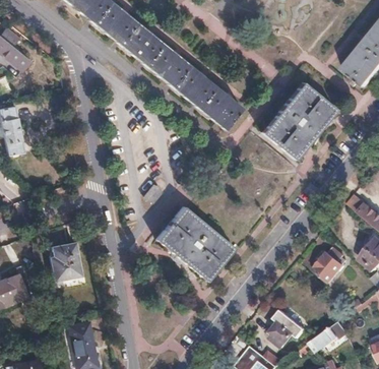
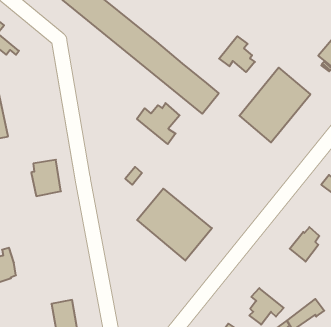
building: none -> [219,36,255,72]
building: none -> [137,103,180,144]
building: [49,241,79,279] -> [31,160,61,196]

